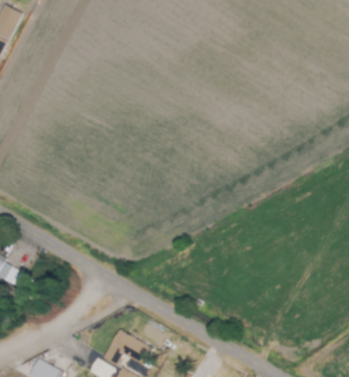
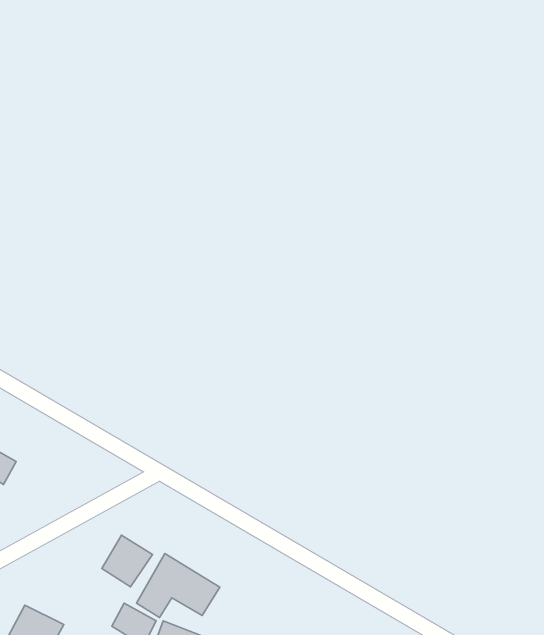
building: none -> [102,535,153,587]

